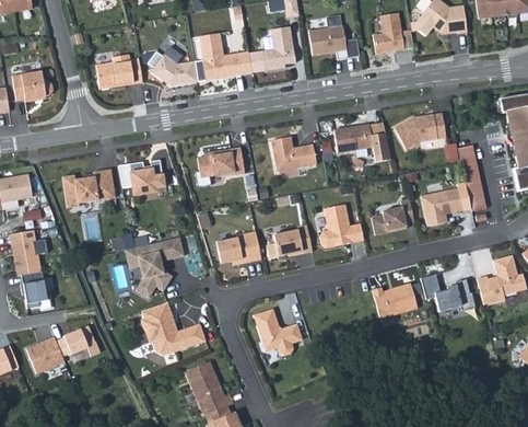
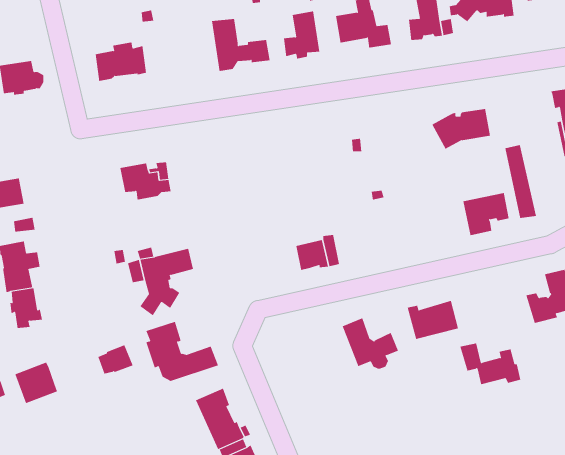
building: [148,45,198,85] -> none
building: [333,124,391,162] -> none
building: [271,136,316,171] -> none
building: [196,147,245,188] -> none
building: [62,169,115,208] -> none
building: [372,198,414,234] -> none
building: [319,204,364,247] -> none
building: [216,232,253,263] -> none
building: [420,274,474,311] -> [459,343,521,385]
building: [255,309,305,355] -> [342,317,399,369]
building: [56,331,87,357] -> [98,345,133,374]

